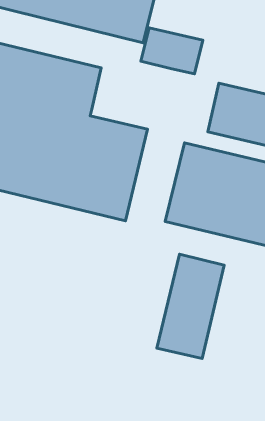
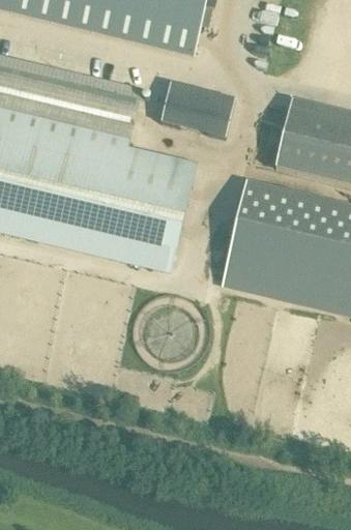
building: [141,28,203,74] -> [159,81,236,138]
building: [157,254,224,359] -> none

